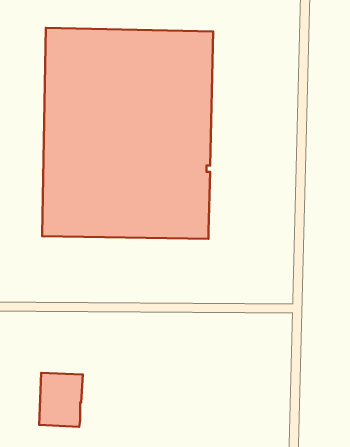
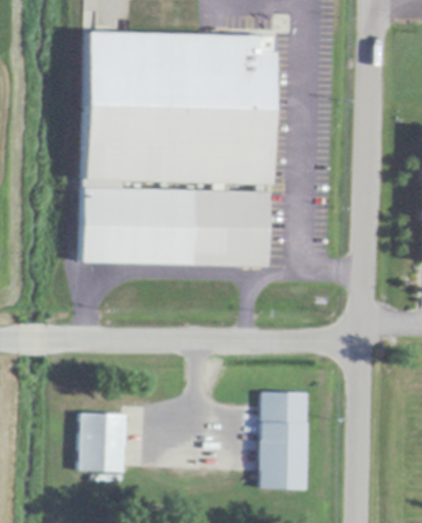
building: none -> [259,391,308,488]

